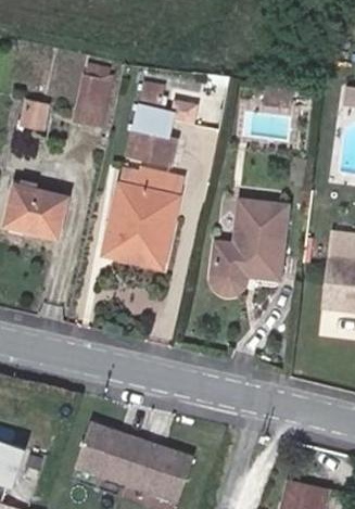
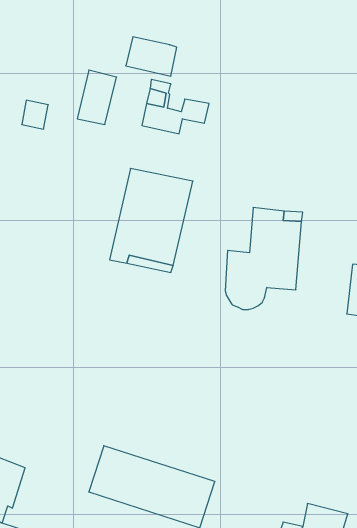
building: [127,127,175,164] -> [126,37,177,76]
building: [7,186,65,234] -> none

